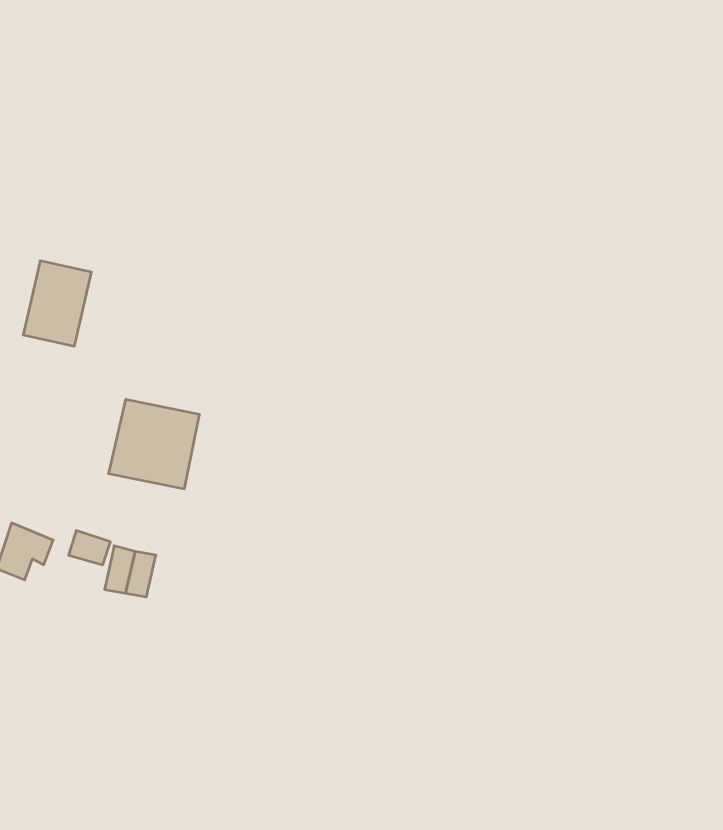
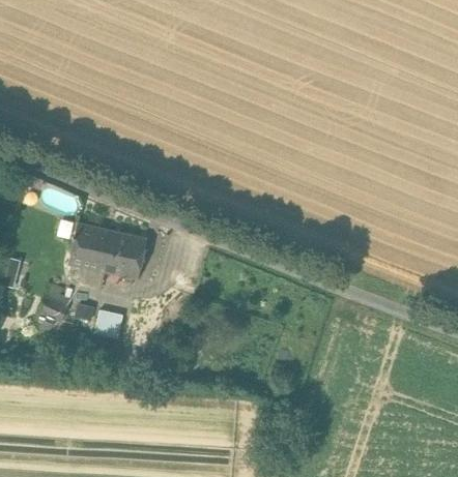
building: [23,261,91,346] -> [68,223,106,270]

